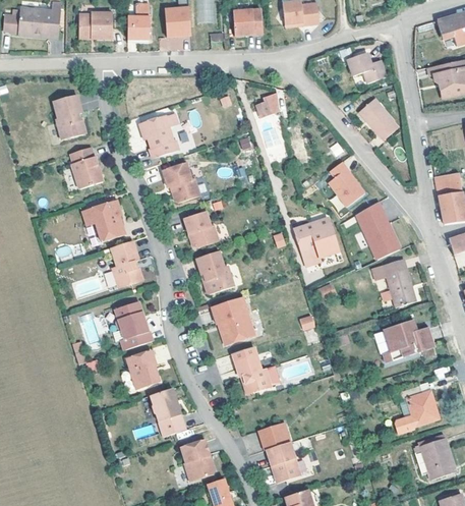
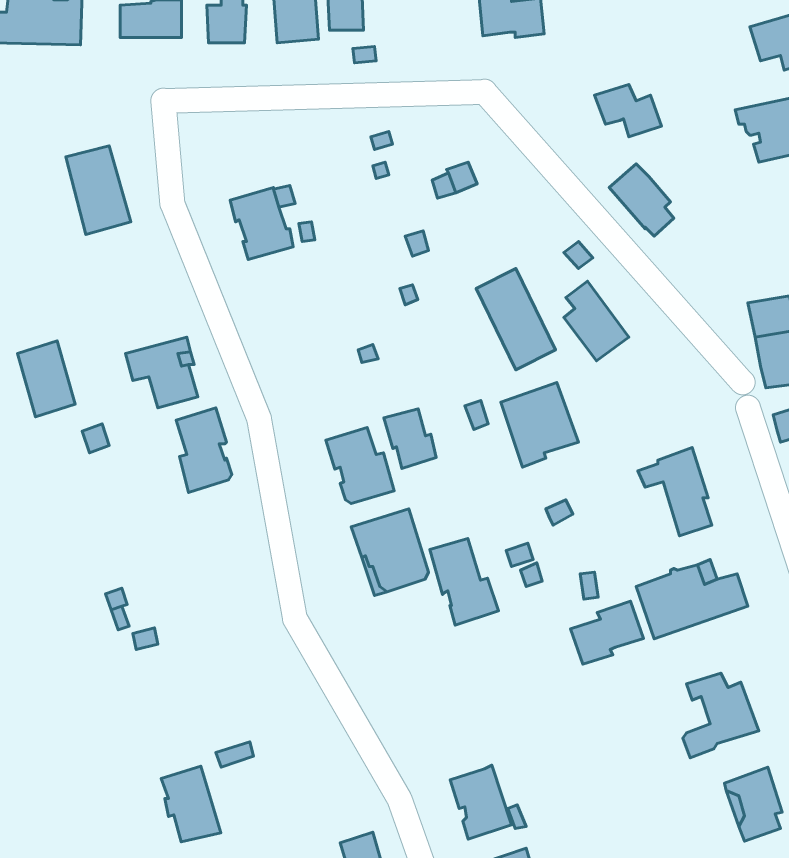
building: [234,12,264,40] -> none
building: [70,144,103,186] -> [17,341,75,417]
building: [165,160,200,200] -> none
building: [356,205,401,262] -> [476,269,555,370]
building: [185,209,215,242] -> [384,409,436,468]
building: [112,299,153,348] -> none
building: [233,343,272,392] -> [430,539,498,625]
building: none -> [571,601,644,664]
building: [128,349,159,386] -> none
building: [149,386,182,429] -> [161,766,221,842]
building: [258,421,286,447] -> none
building: [180,438,213,477] -> none

